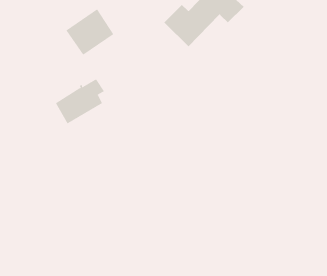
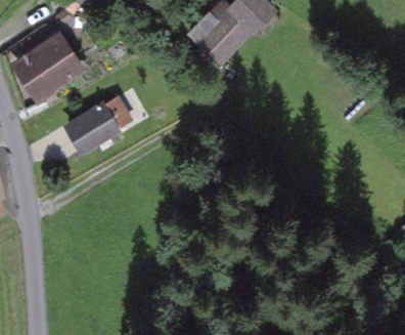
building: [65,9,114,55] -> [24,38,78,90]

